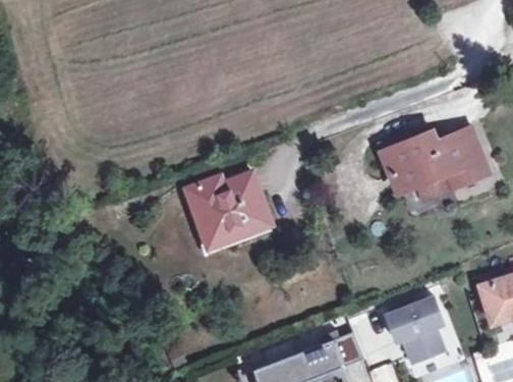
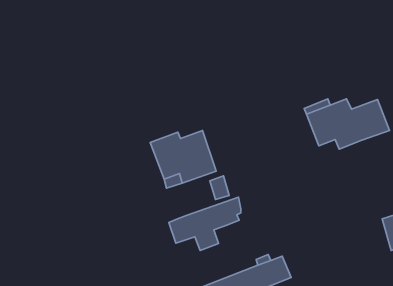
building: none -> [169,197,241,251]
building: [386,296,444,363] -> none

